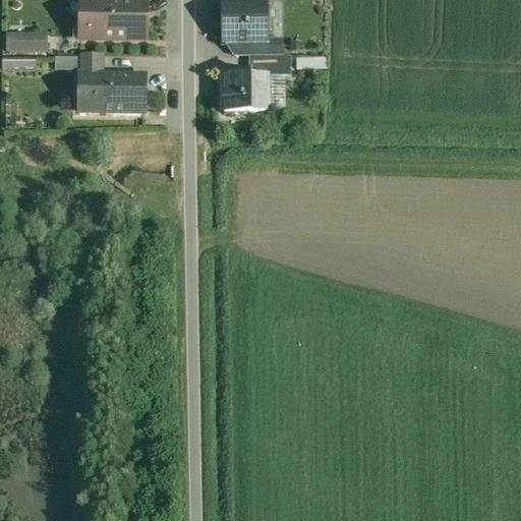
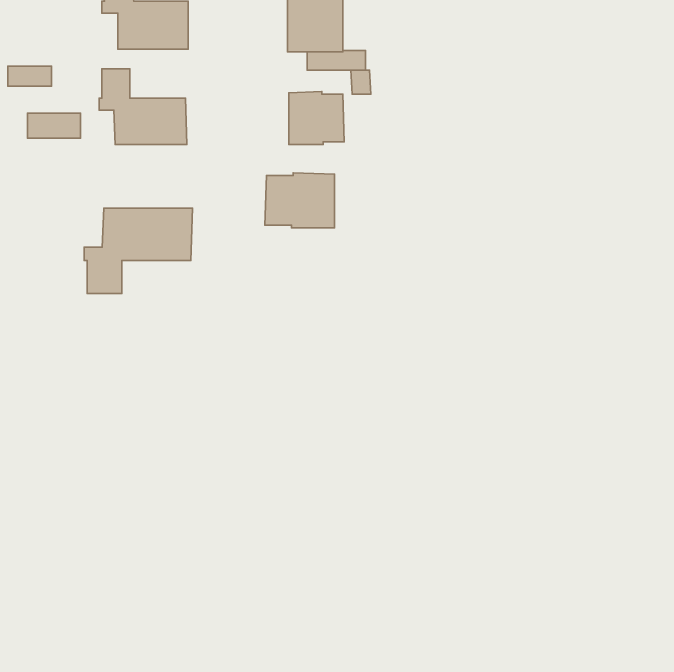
building: [10,31,51,50] -> [28,113,81,138]
building: none -> [265,173,335,228]
building: none -> [84,208,192,294]

